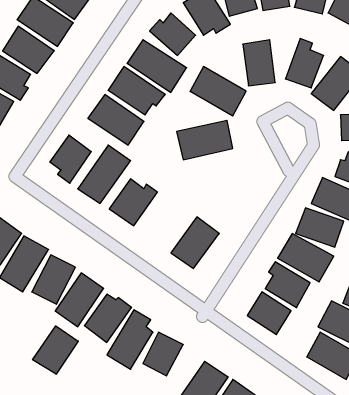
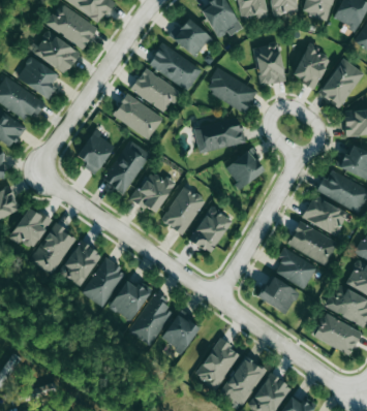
building: none -> [224,149,267,189]
building: none -> [163,187,204,234]
building: [33,326,78,374] -> none

